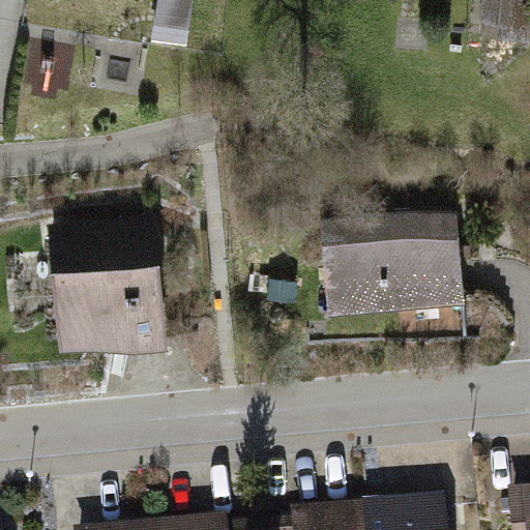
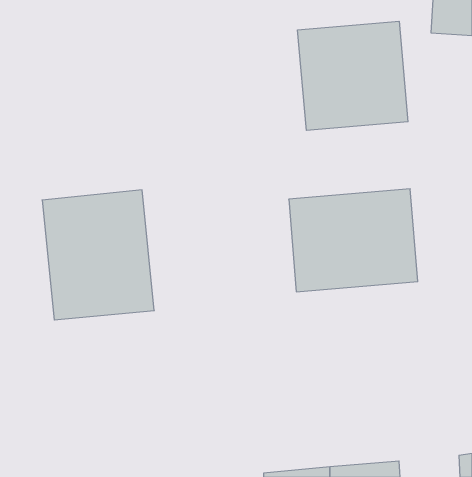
building: none -> [298,21,408,130]

